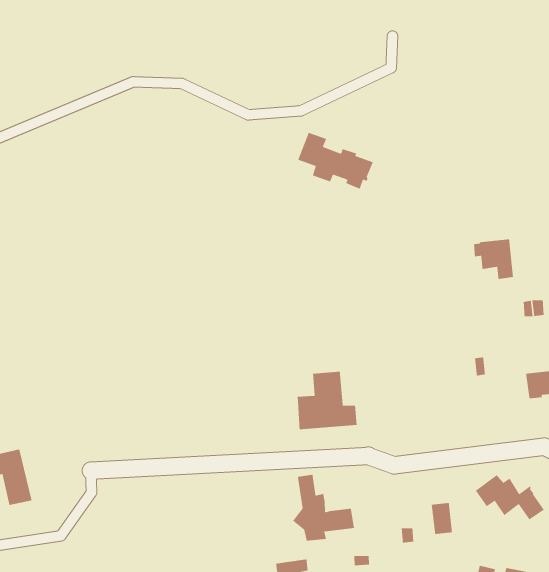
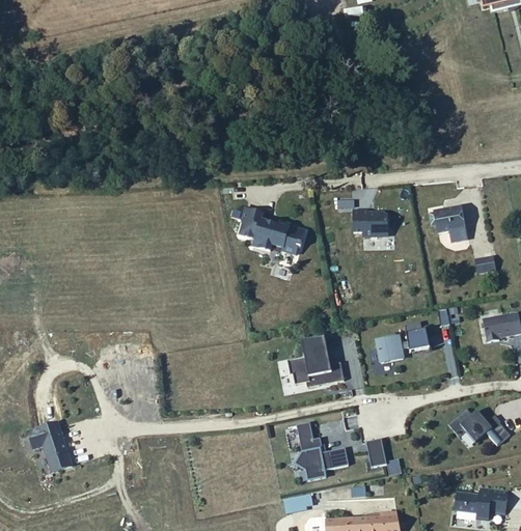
building: [297,132,374,190] -> [240,209,305,255]
building: none -> [353,209,388,236]
building: none -> [377,327,430,363]
building: [431,502,453,535] -> [365,439,386,468]

